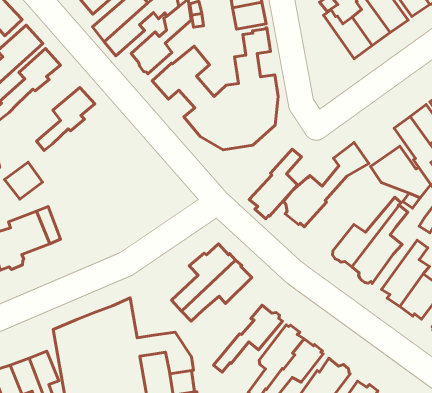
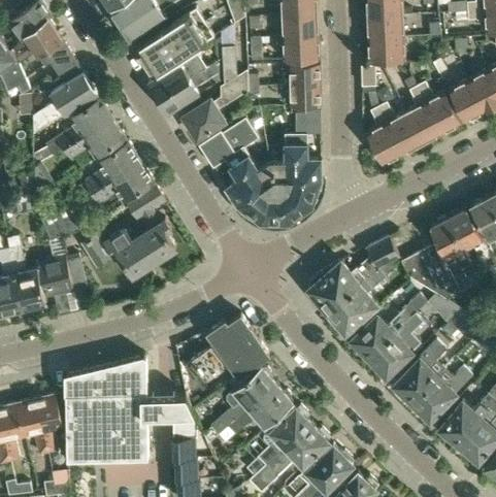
building: none -> [366,107,401,164]
building: none -> [63,118,125,161]
building: none -> [92,161,153,204]
building: none -> [106,186,175,275]
building: [249,149,302,219] -> [327,269,385,334]
building: none -> [203,367,274,444]

